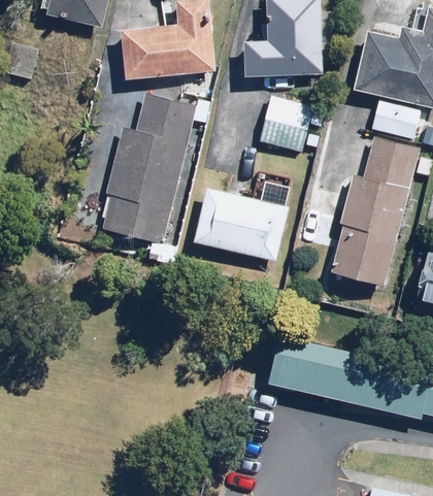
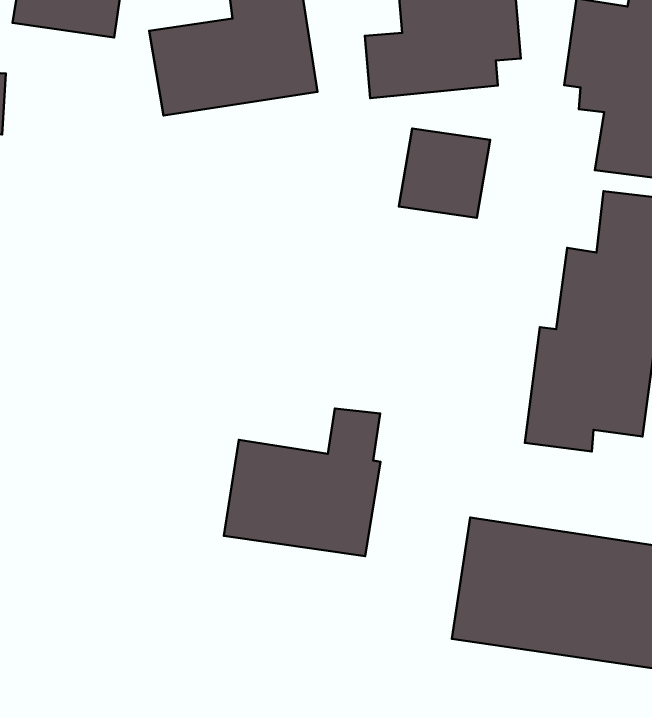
building: [98,93,195,244] -> none
building: [195,174,291,261] -> [224,408,381,556]

